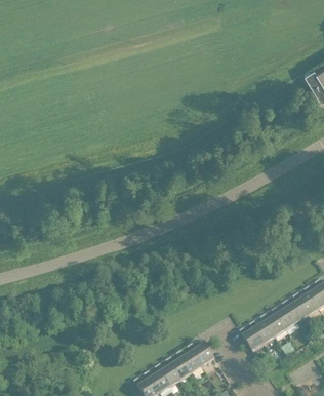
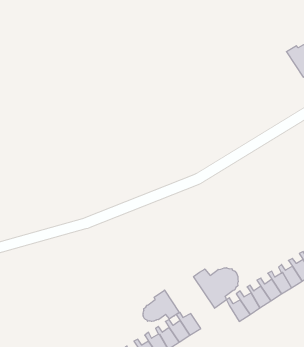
building: none -> [194,268,238,308]
building: none -> [143,290,179,321]

